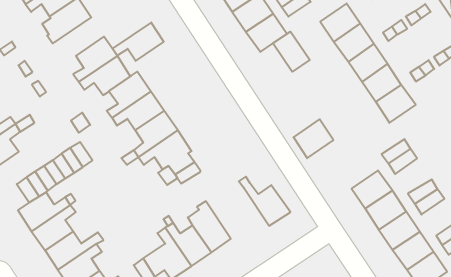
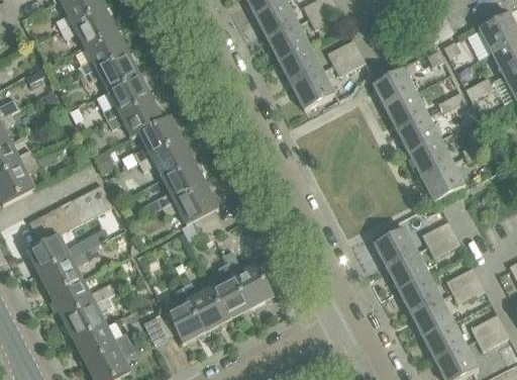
building: [113,22,164,61] -> [85,52,140,91]
building: [273,32,310,72] -> none
building: [293,119,333,158] -> [375,226,417,267]
building: [239,177,290,226] -> [224,251,276,306]

